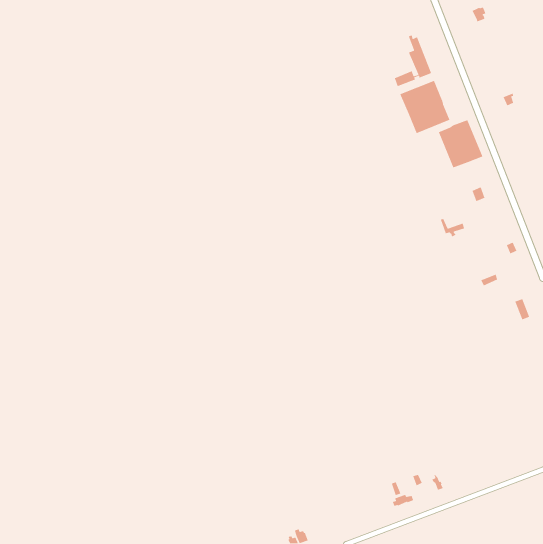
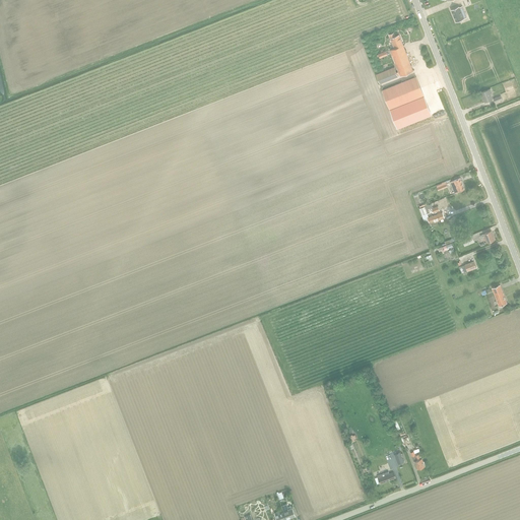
building: [438,119,484,169] -> none

